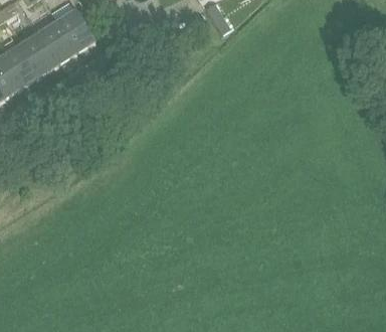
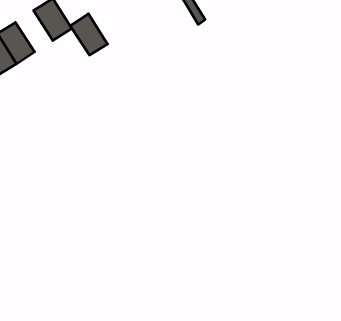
building: [39,21,76,62] -> [70,14,108,55]

